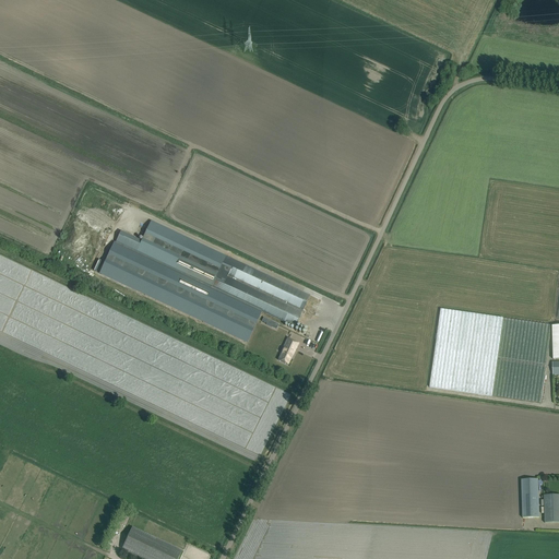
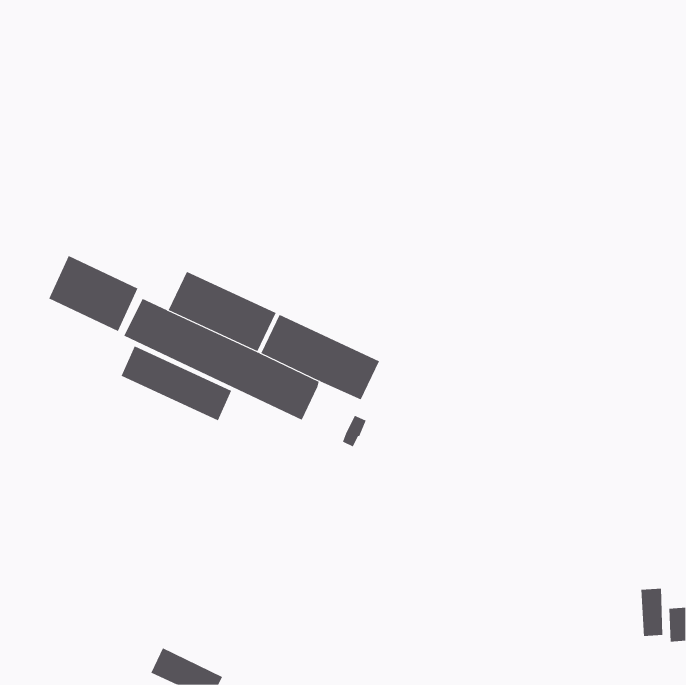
building: none -> [48,255,138,332]
building: none -> [121,345,232,421]
building: [430,309,552,402] -> none

